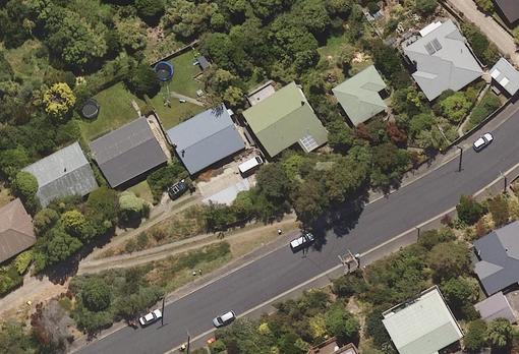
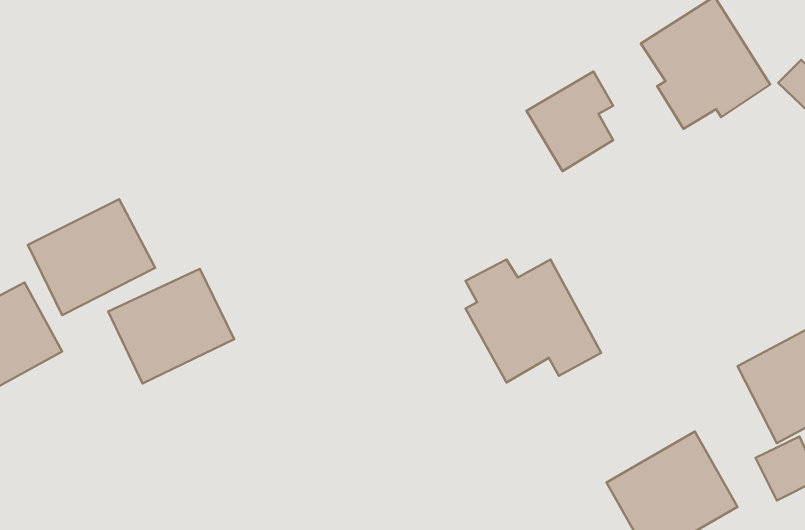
building: [247,79,332,156] -> [466,260,601,382]
building: [172,102,249,173] -> none
building: [93,115,171,186] -> [108,269,234,384]

